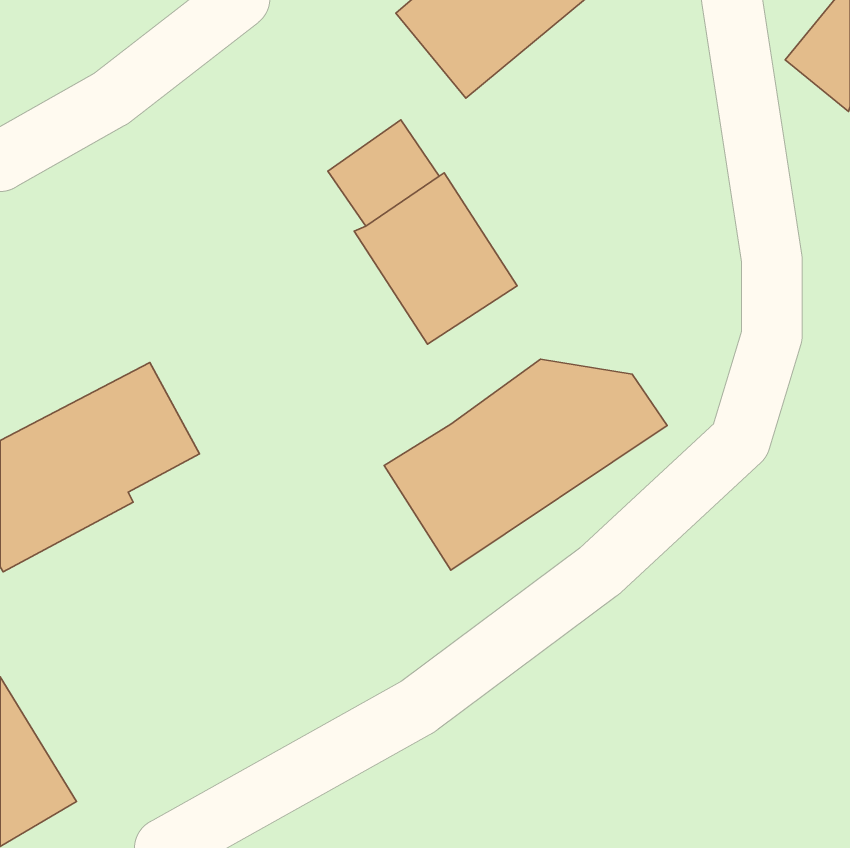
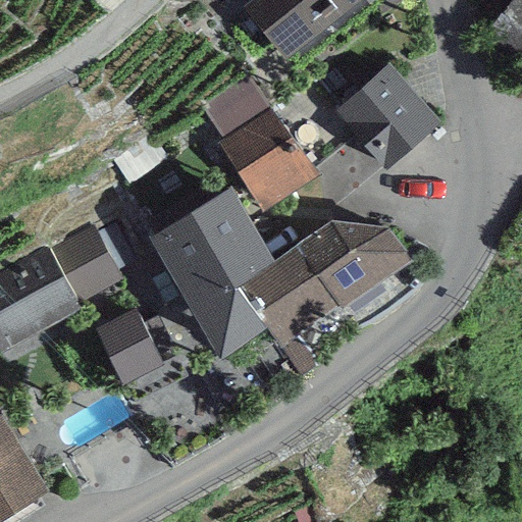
building: none -> [335,62,440,168]
building: none -> [147,187,276,358]
building: none -> [92,307,171,385]

